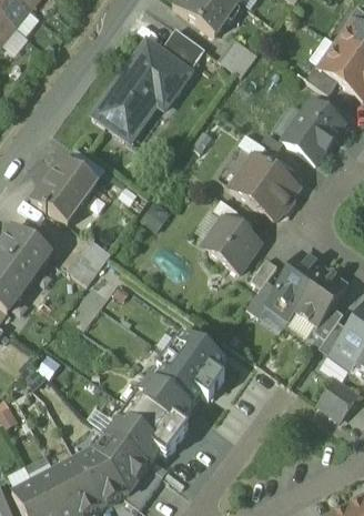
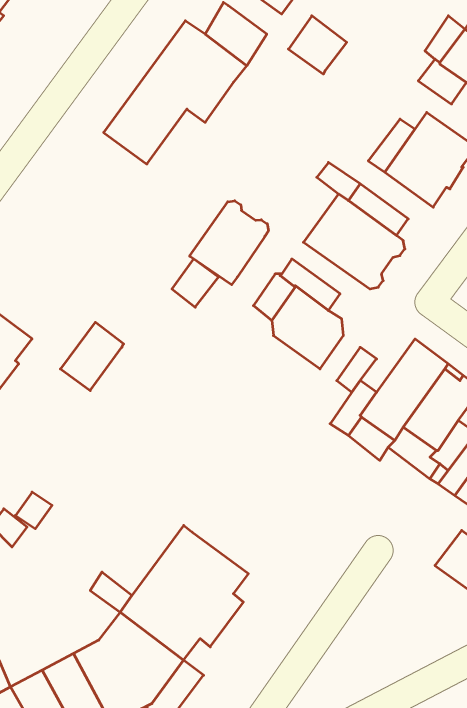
building: [31,156,97,219] -> none
building: none -> [190,201,268,285]
building: [154,332,226,407] -> none

